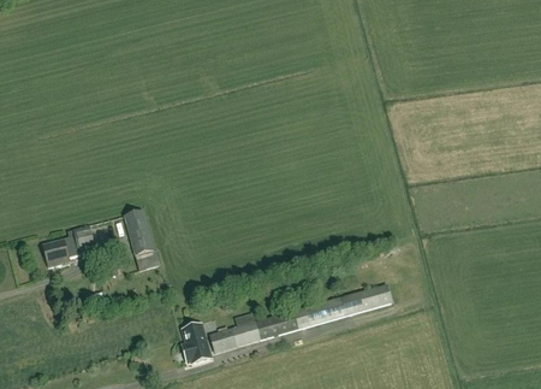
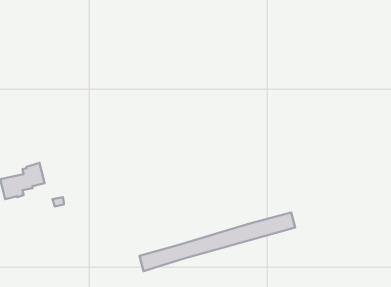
building: [124,211,154,255] -> none
building: [182,324,210,363] -> none

